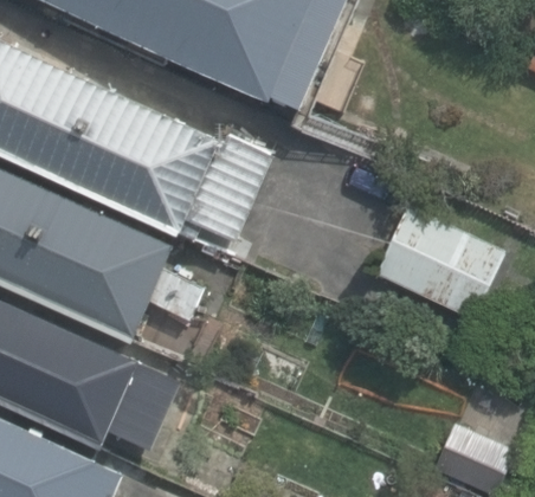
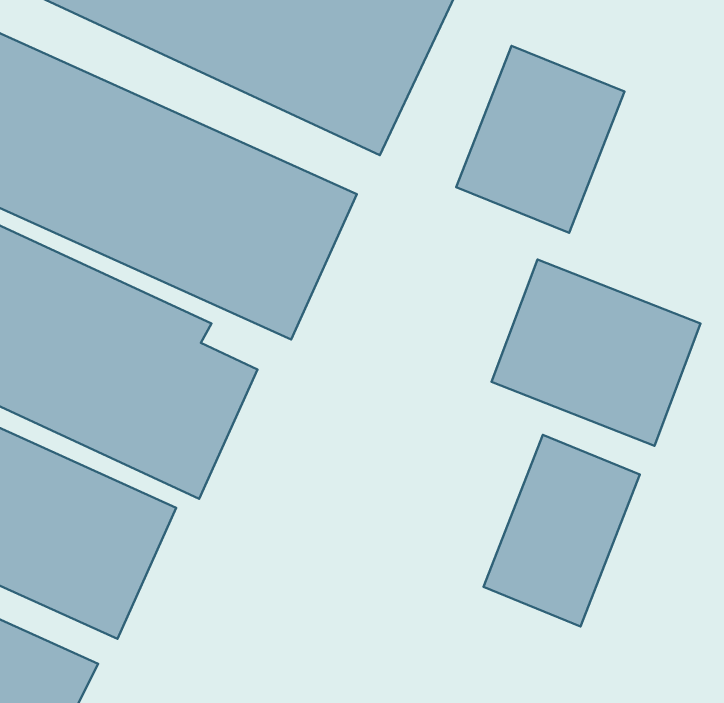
building: none -> [456,46,624,233]
building: none -> [483,435,640,627]

